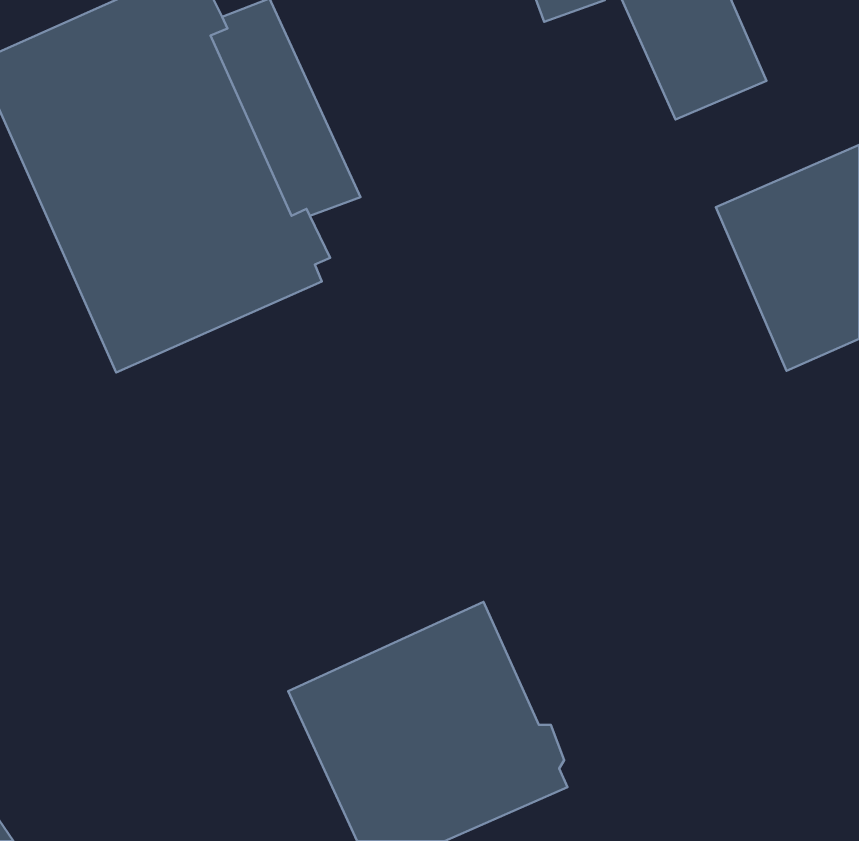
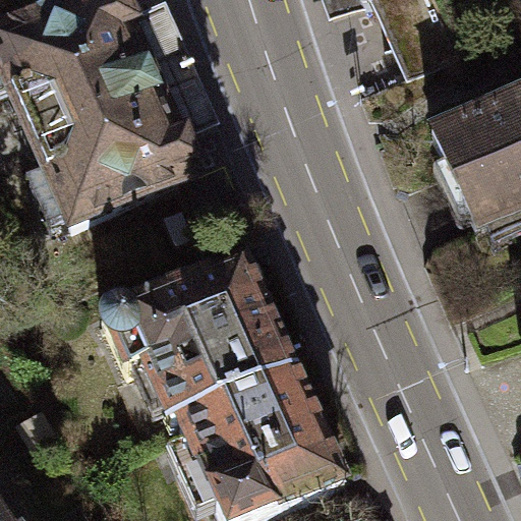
building: none -> [102,253,292,420]

